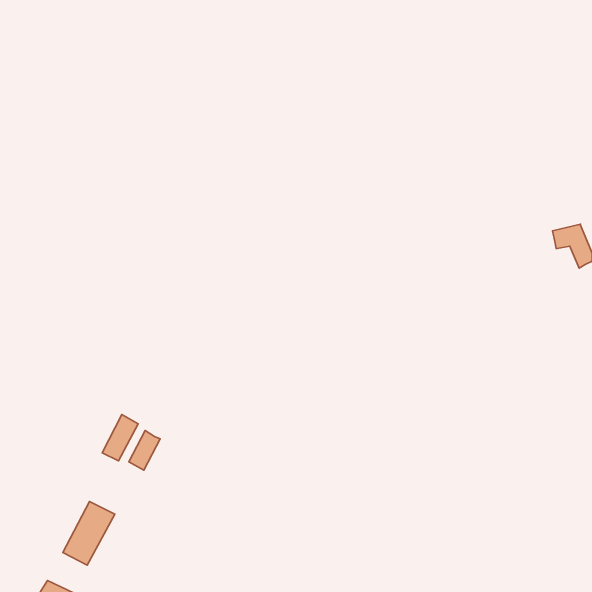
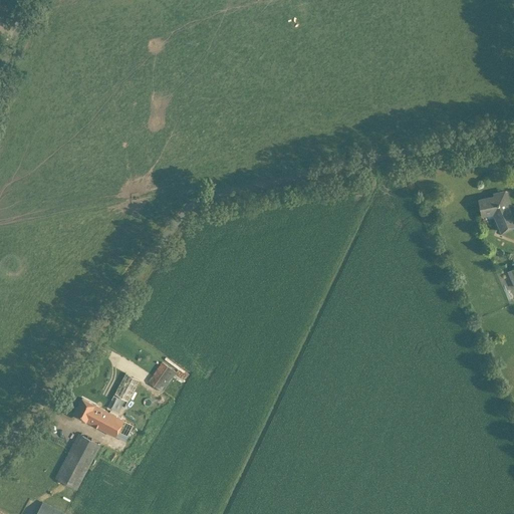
building: none -> [148,363,175,393]
building: none -> [73,399,135,443]

